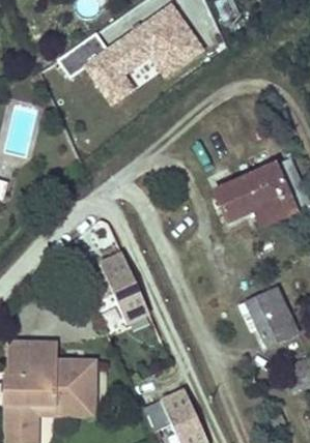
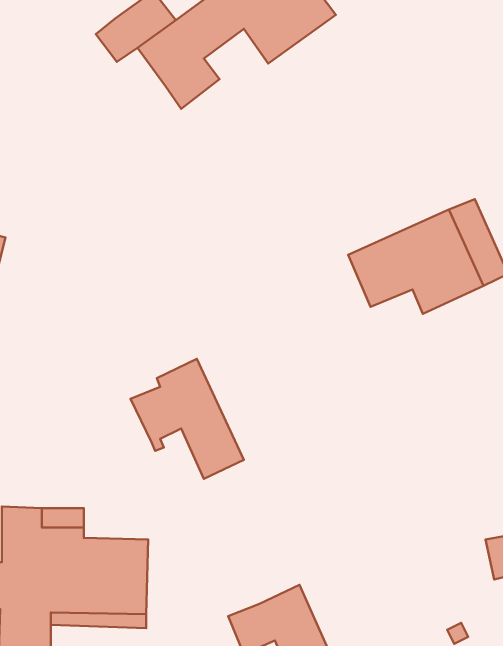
building: [239,288,297,345] -> none

